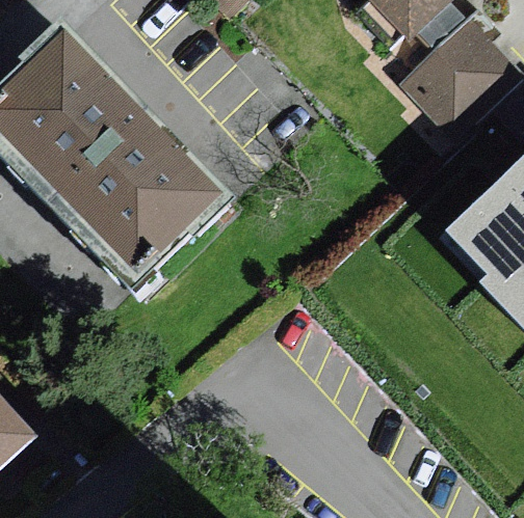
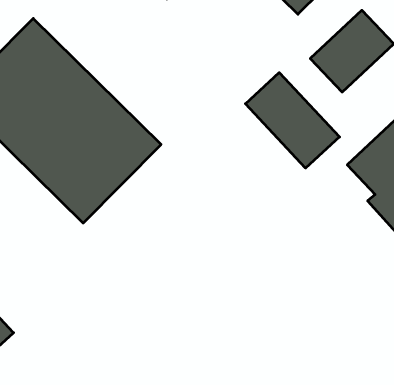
building: none -> [245,73,340,168]

